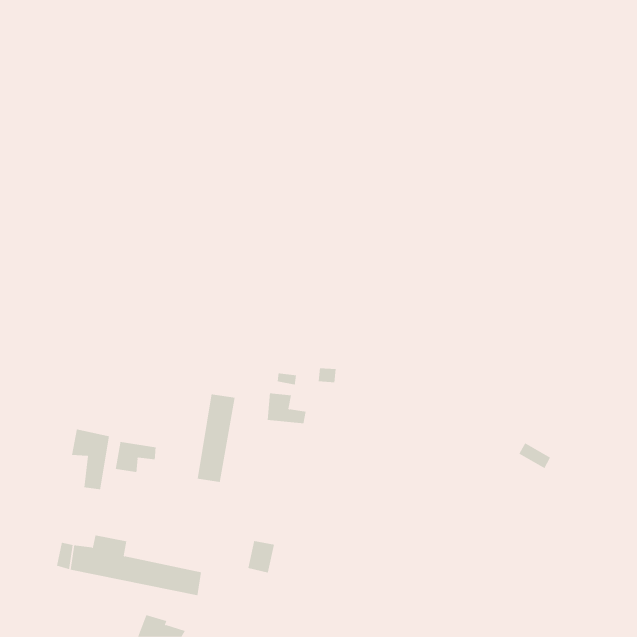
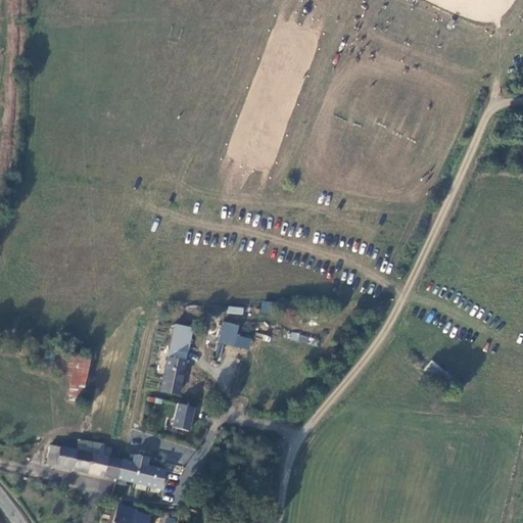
building: [115,441,156,473] -> none
building: [247,541,275,573] -> [173,403,195,430]

